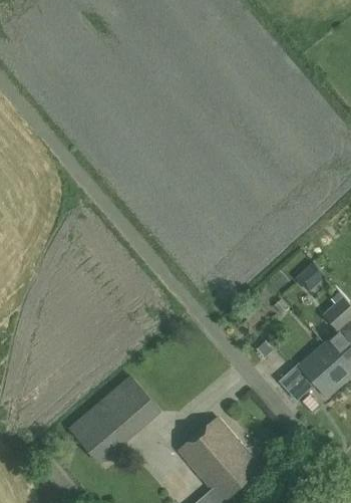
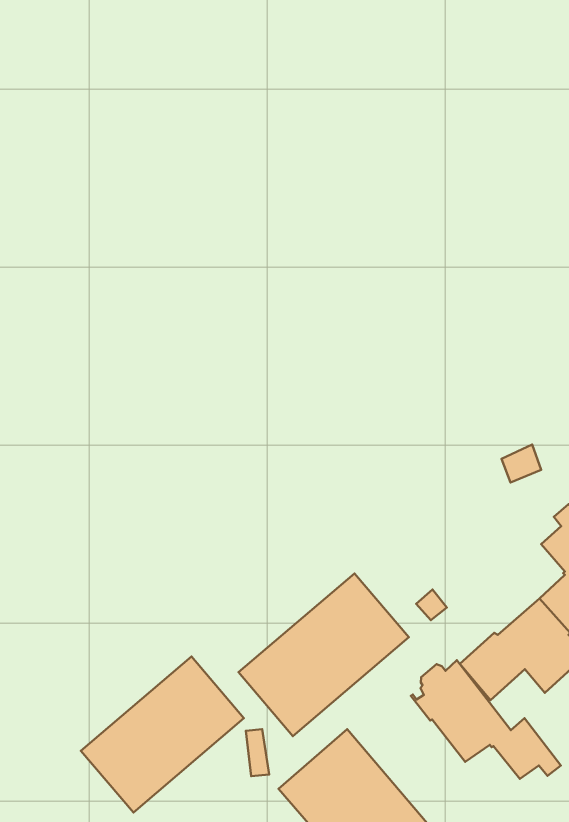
building: none -> [239,573,409,736]
building: none -> [411,660,561,779]

